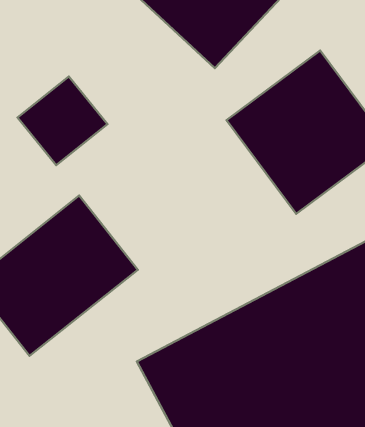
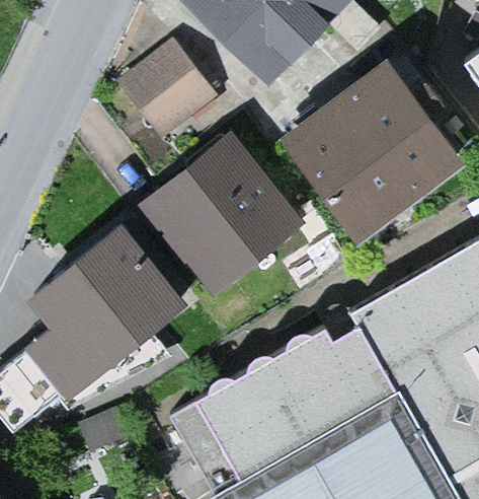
building: [18,76,107,165] -> [118,44,218,142]
building: none -> [140,137,299,295]

